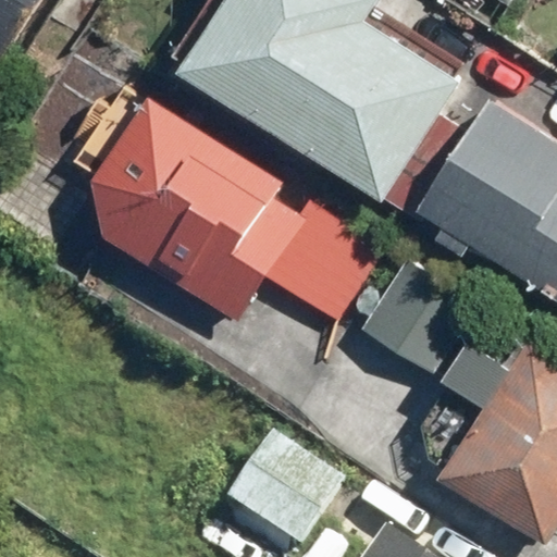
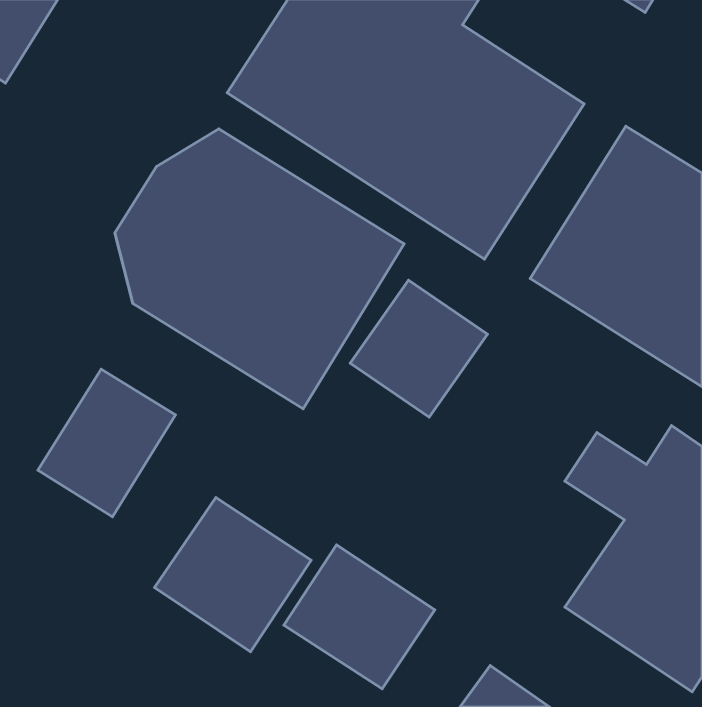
building: [358,258,474,372] -> none
building: none -> [38,369,175,517]
building: none -> [155,497,311,652]

